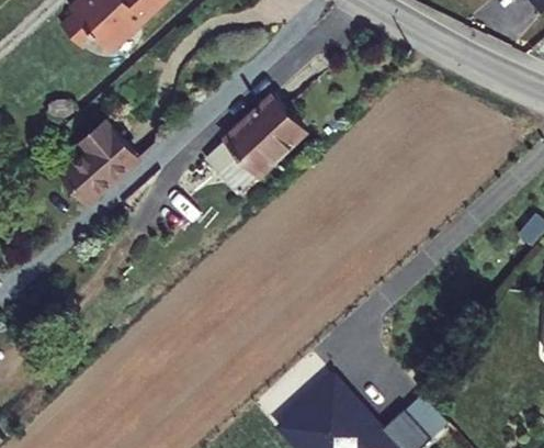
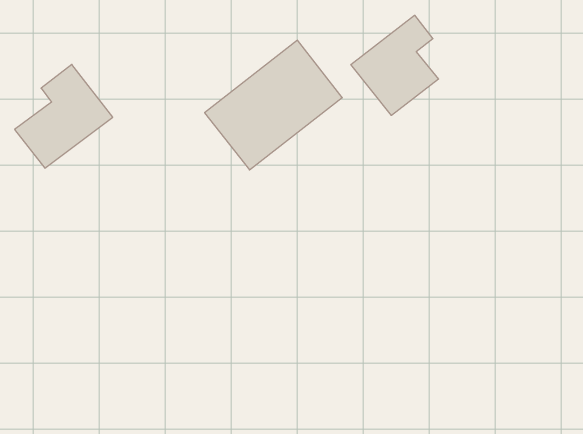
building: none -> [351,15,439,115]

